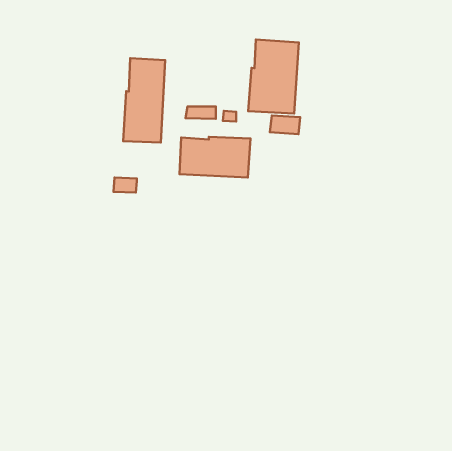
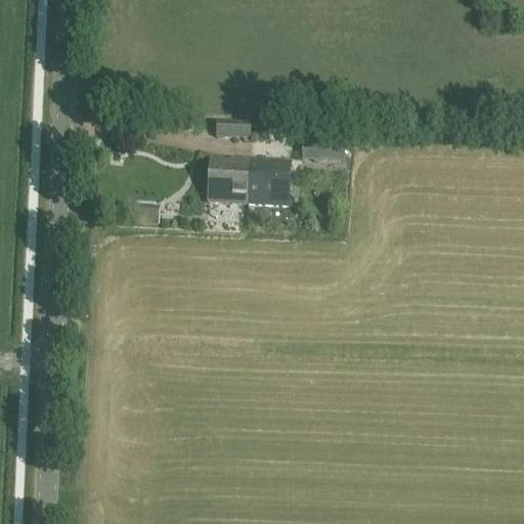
building: [248,40,299,113] -> none
building: [123,58,165,142] -> none

